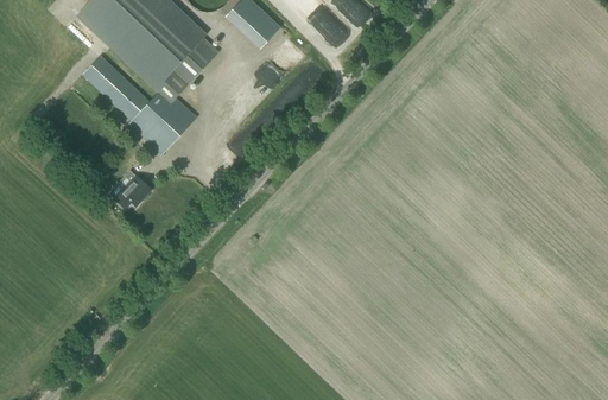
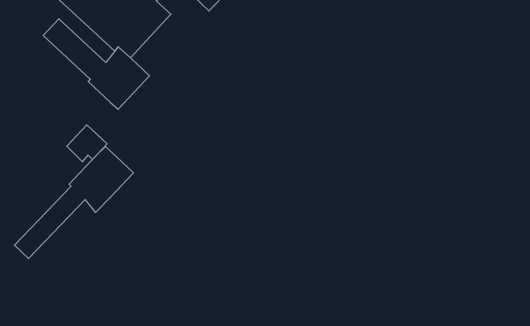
building: none -> [14,146,133,259]

